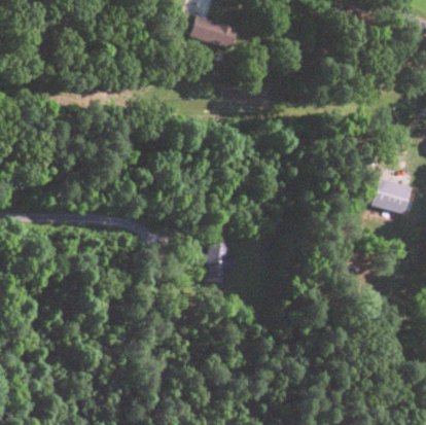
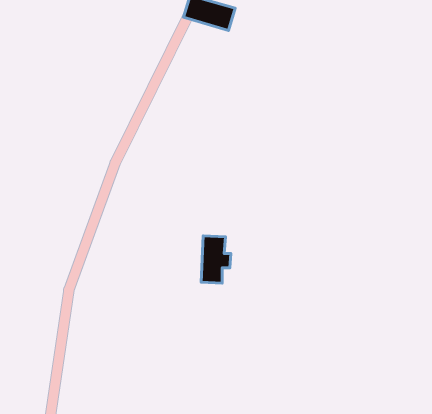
building: [374,180,412,212] -> none

